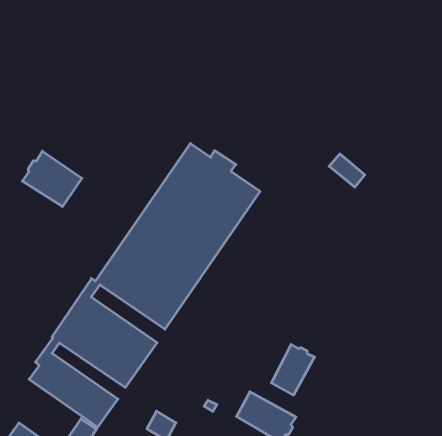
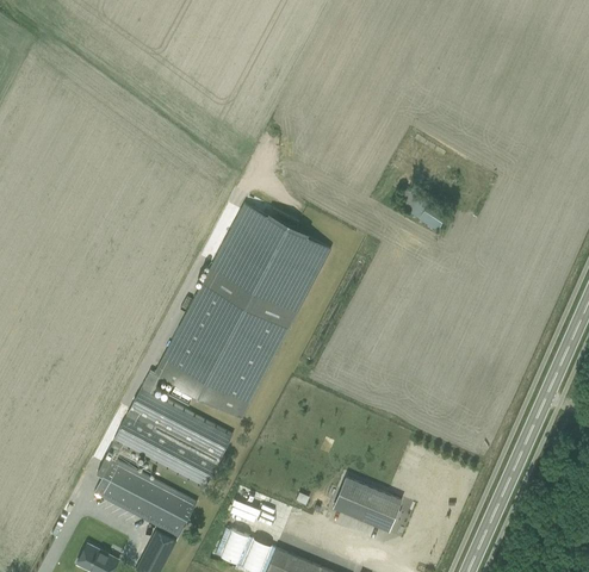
building: [22,151,82,207] -> none
building: [271,344,315,395] -> none

